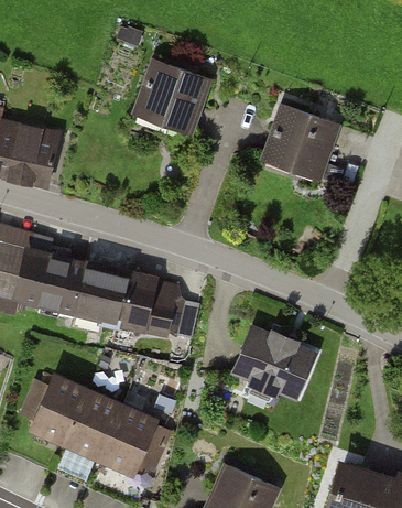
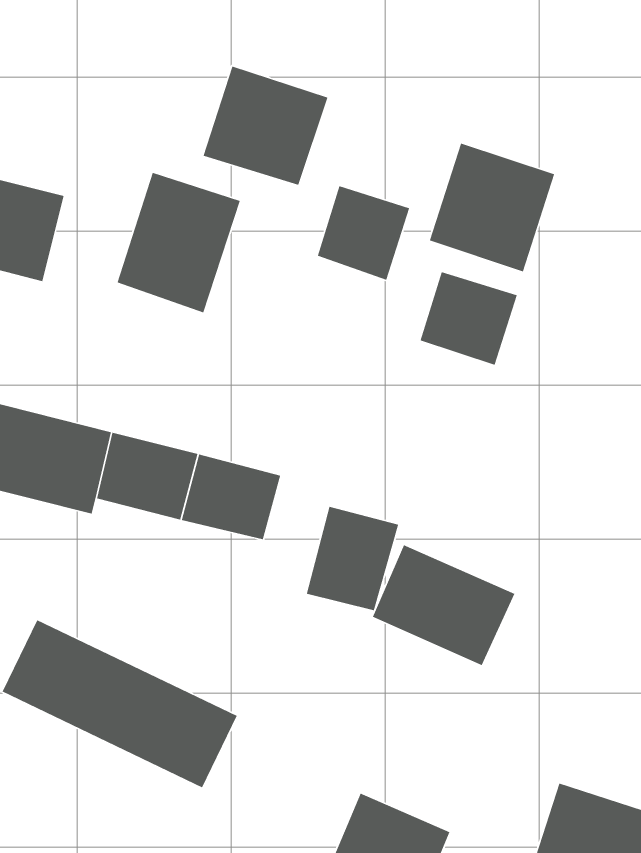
building: none -> [117,172,241,314]
building: none -> [317,185,410,281]
building: none -> [420,271,518,366]
building: none -> [306,506,399,611]

